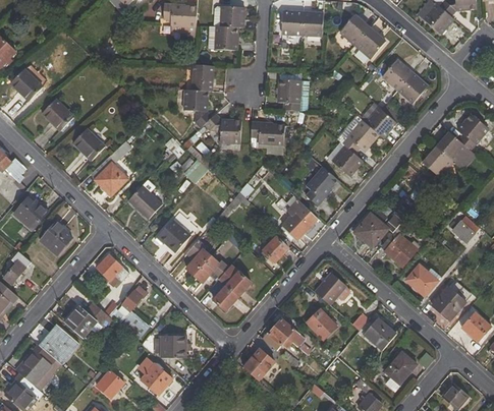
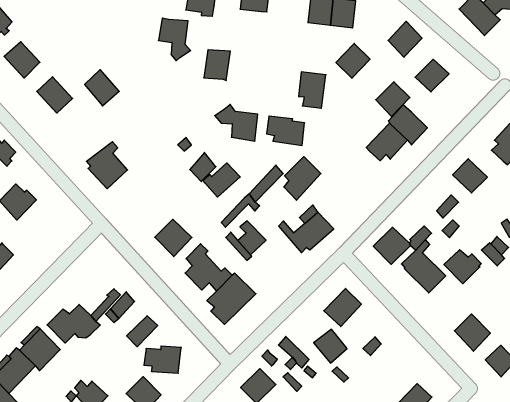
building: [340,13,371,45] -> [336,43,370,78]
building: [209,25,239,49] -> none
building: [397,71,428,103] -> [376,82,410,117]
building: [183,89,213,126] -> [158,18,191,61]
building: [73,127,105,160] -> [85,70,119,106]
building: [435,131,466,162] -> none
building: [332,145,364,176] -> none
building: none -> [203,163,240,197]
building: [306,166,338,206] -> [284,157,321,200]
building: [128,184,162,219] -> none
building: [40,219,71,254] -> none
building: [263,231,288,261] -> [238,221,266,255]
building: [97,253,129,284] -> none
building: [406,265,440,295] -> [444,250,481,284]
building: [364,317,396,349] -> none

